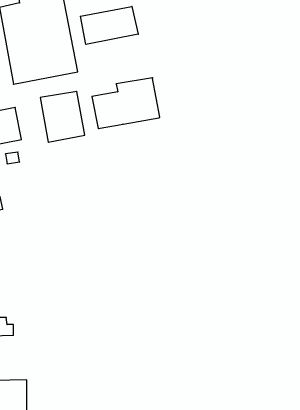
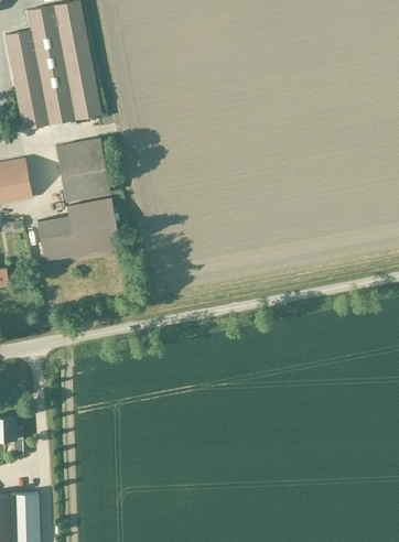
building: [80,6,138,44] -> none
building: [92,78,160,129] -> [36,198,120,261]

